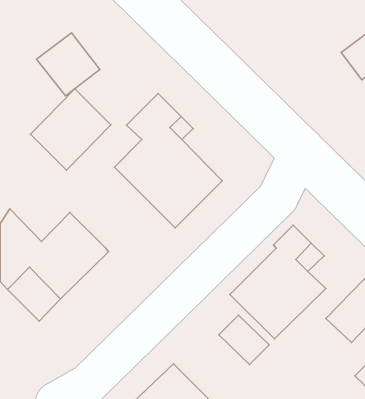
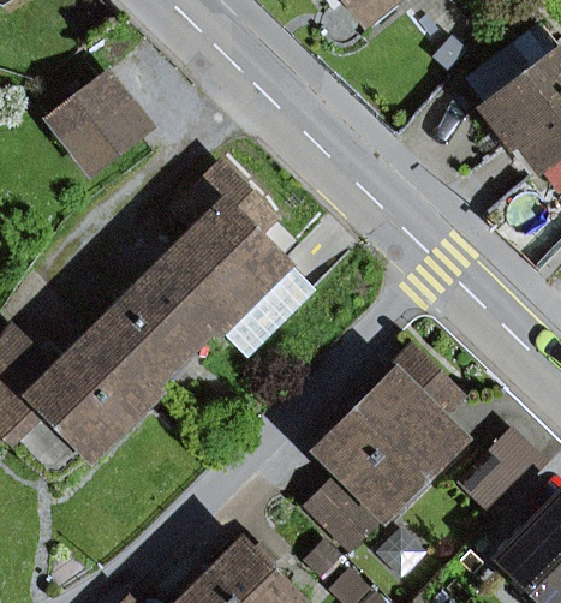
building: [30,89,111,170] -> [99,268,211,382]

